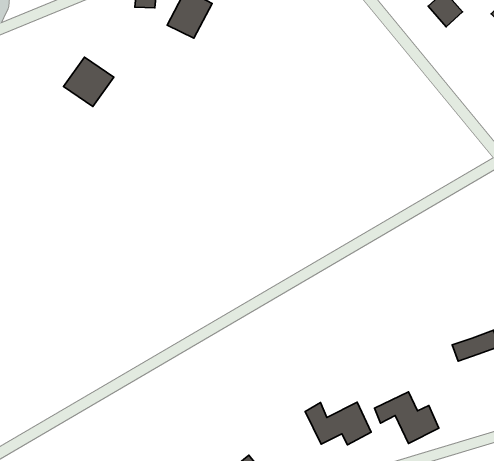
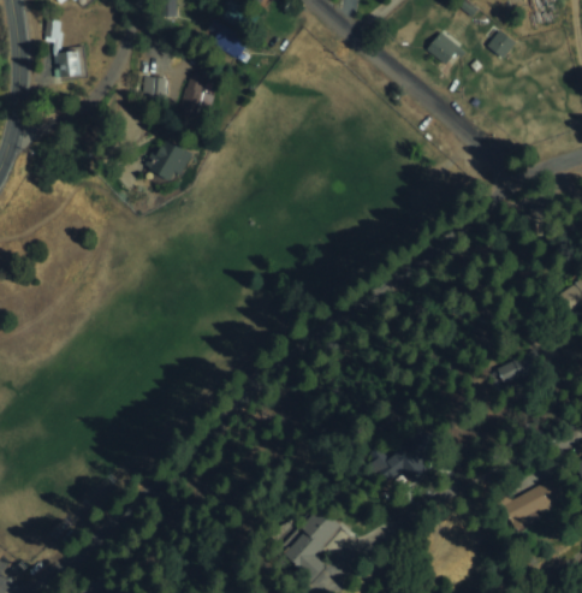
building: [63,57,114,106] -> [143,137,190,183]
building: [375,392,439,443] -> none

